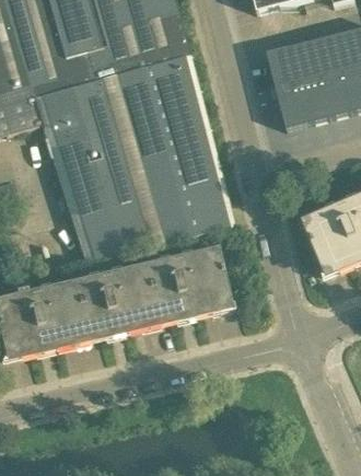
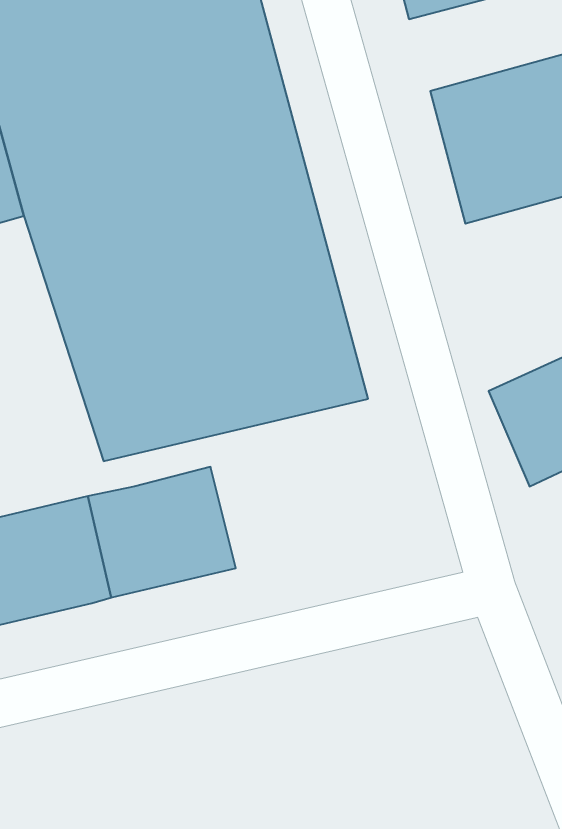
building: [145,249,229,322] -> none

